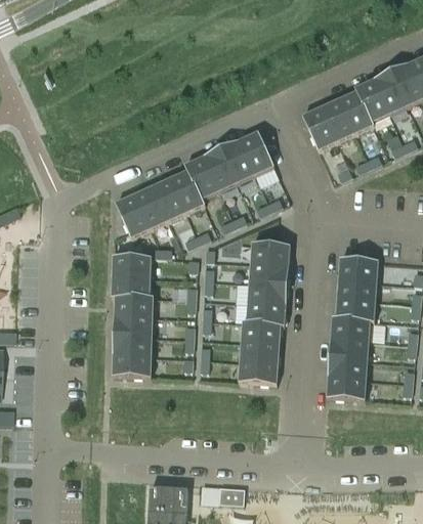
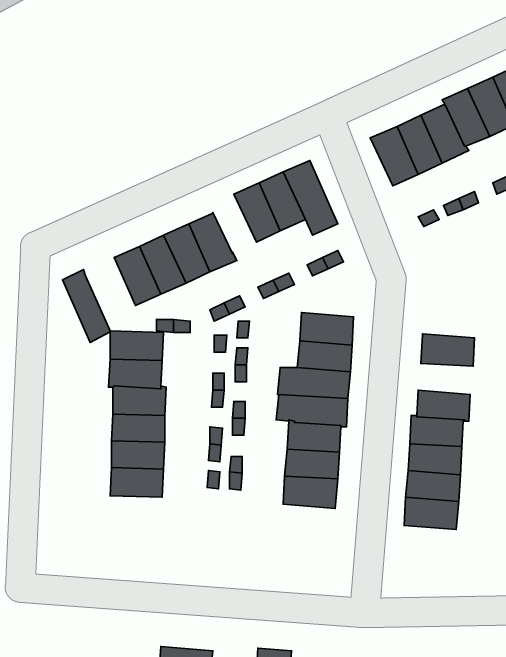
building: [185,156,220,199] -> none
building: none -> [63,270,110,342]
building: [338,278,378,301] -> none

